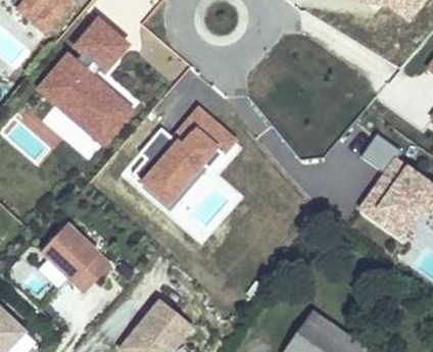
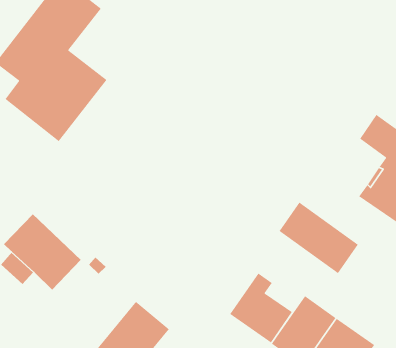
building: [127,102,236,207] -> none
building: none -> [278,201,359,274]
building: none -> [229,272,293,343]

